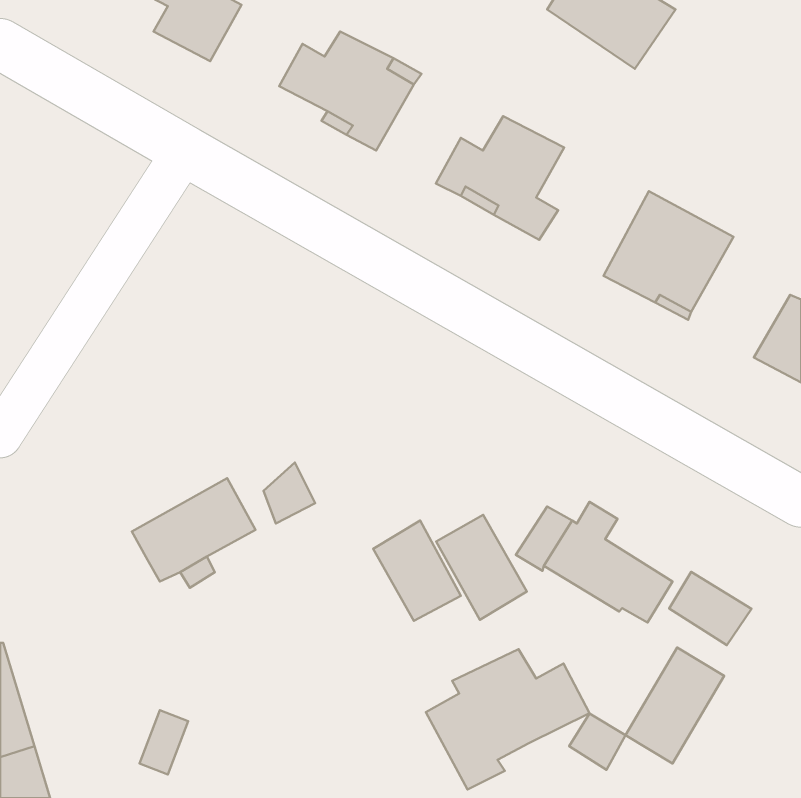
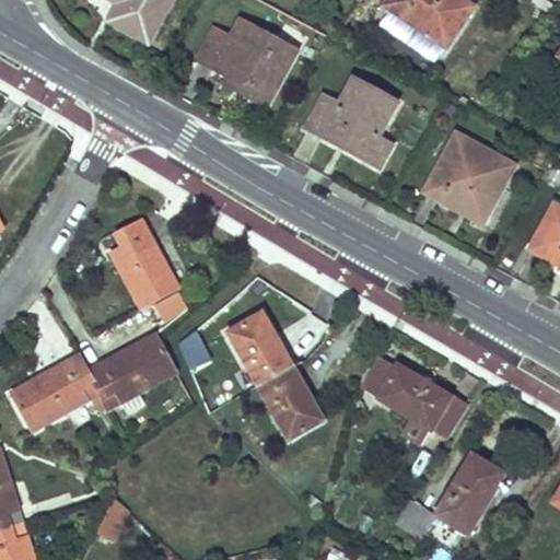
building: none -> [112,218,175,306]
building: none -> [13,353,103,428]
building: [436,515,527,620] -> [230,310,293,383]
building: [669,572,751,645] -> none
building: [426,649,590,789] -> none

